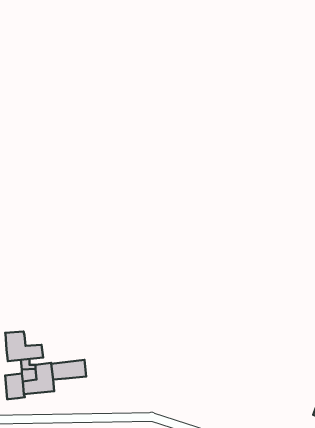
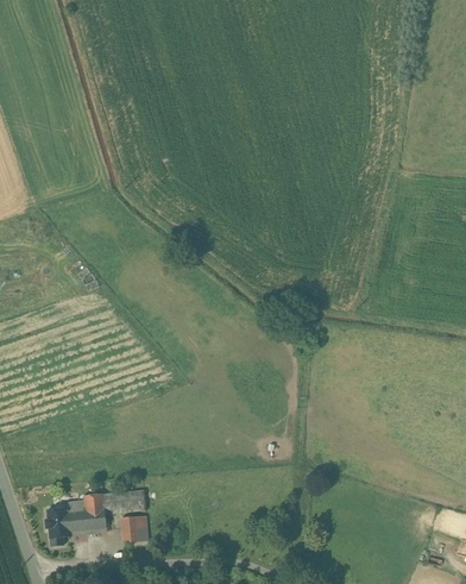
building: [5,331,43,361] -> none
building: none -> [120,513,146,535]

